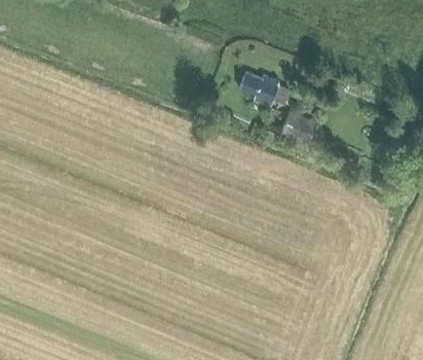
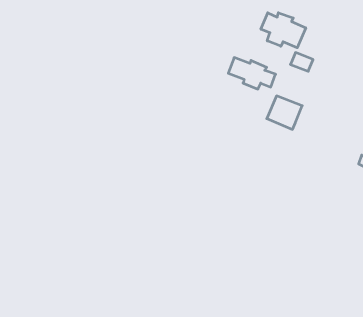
building: none -> [261,13,306,48]

